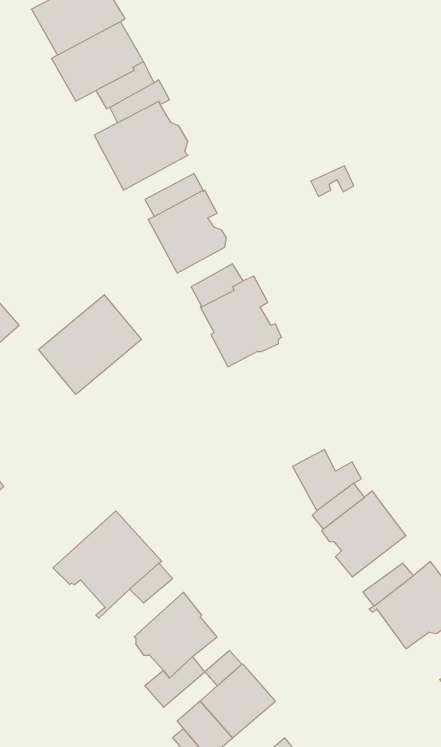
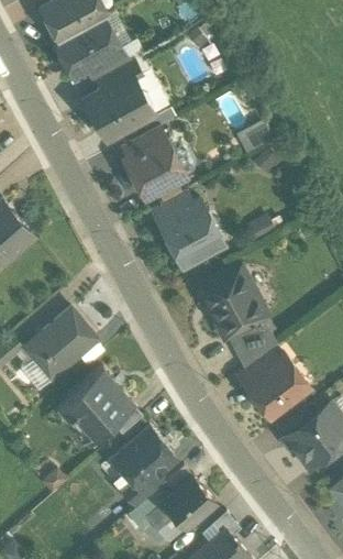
building: [39,295,141,394] -> [24,308,98,380]
building: none -> [199,268,270,340]

